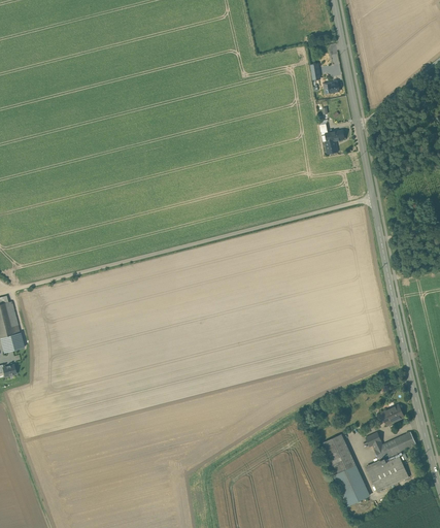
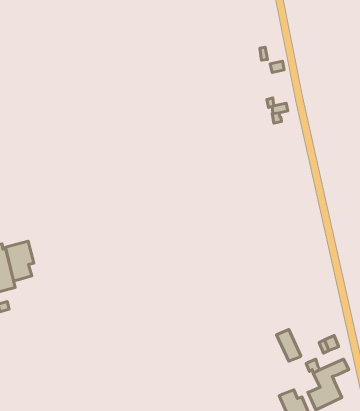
building: none -> [6,241,34,281]
building: [324,436,352,473] -> [277,330,301,361]

